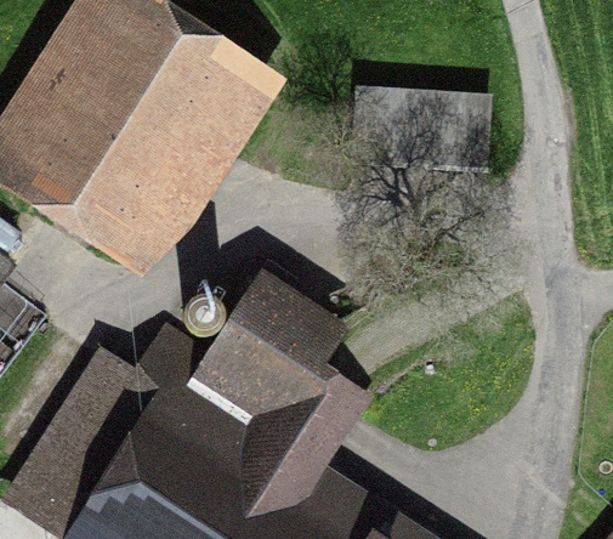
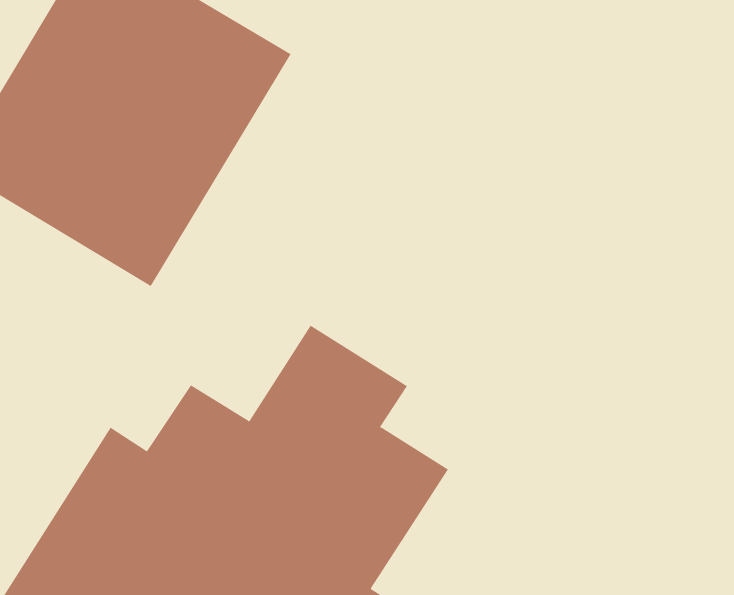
building: [358,89,488,161] -> none

